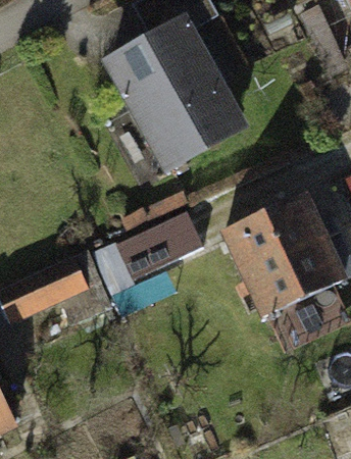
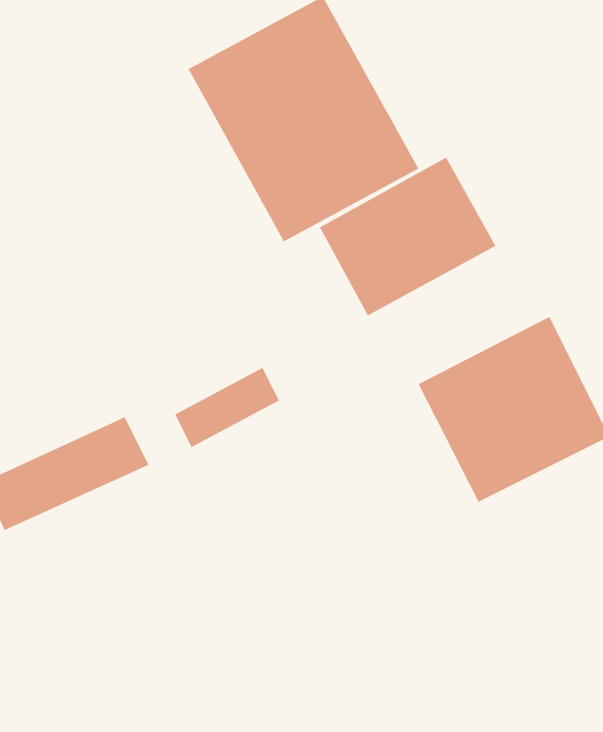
building: none -> [319,156,496,316]

